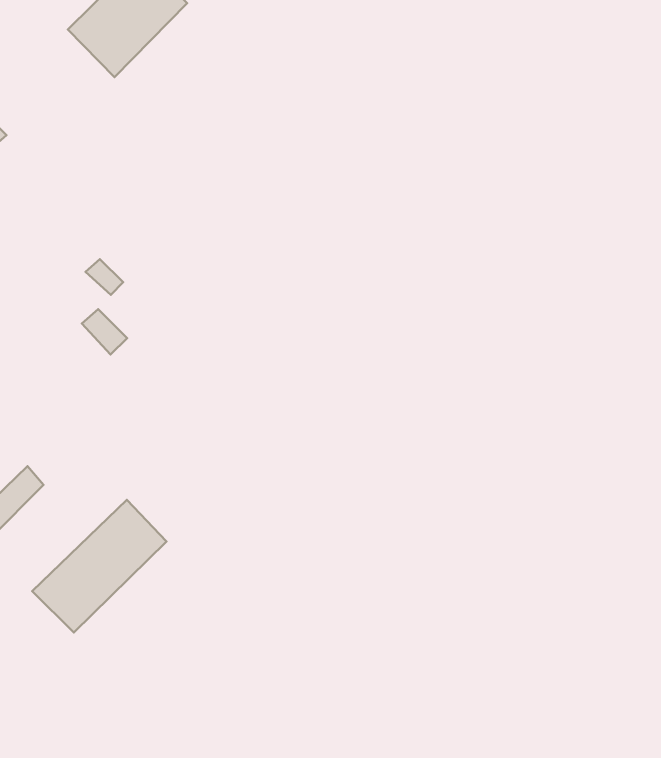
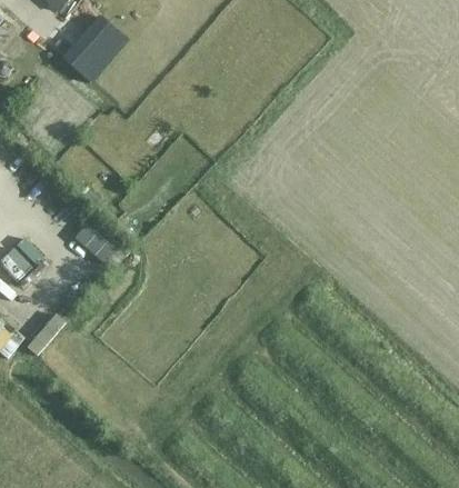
building: [32,500,166,632] -> none

